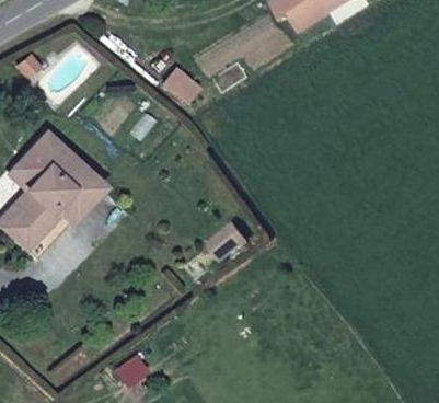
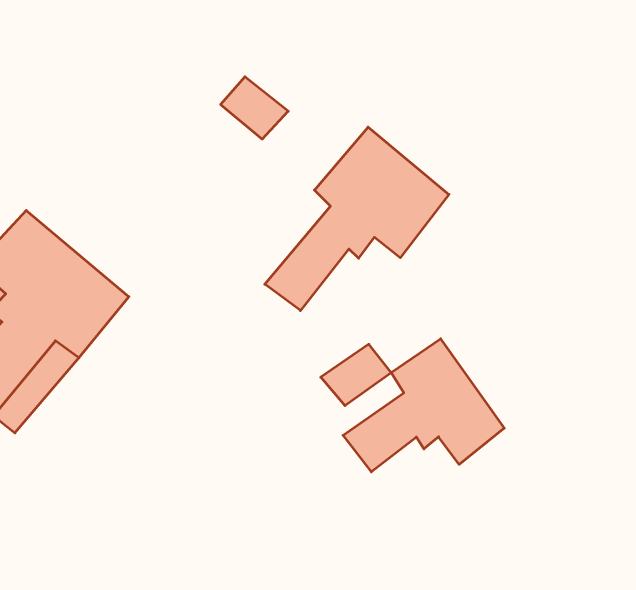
building: none -> [265,127,449,311]
building: none -> [343,339,504,472]

